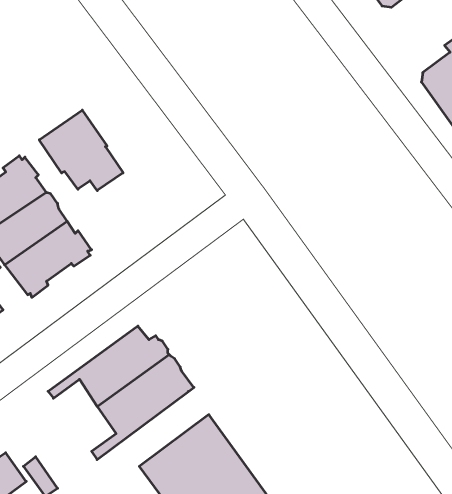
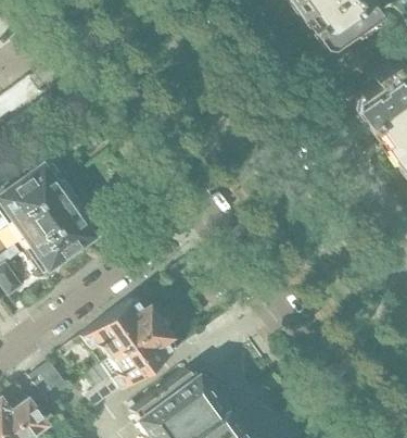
building: [39,110,123,191] -> none
building: none -> [30,362,68,401]

